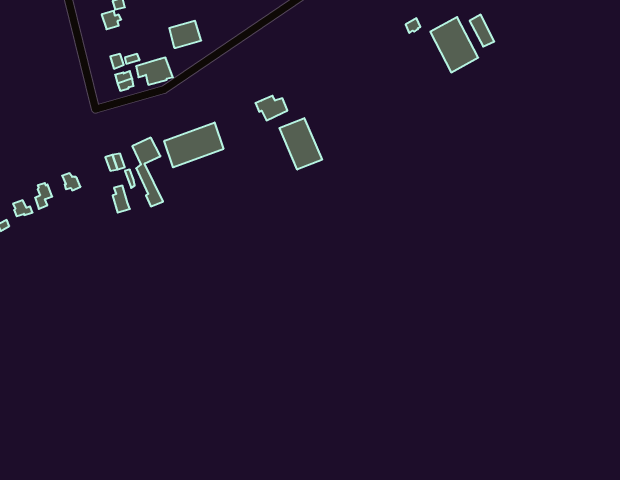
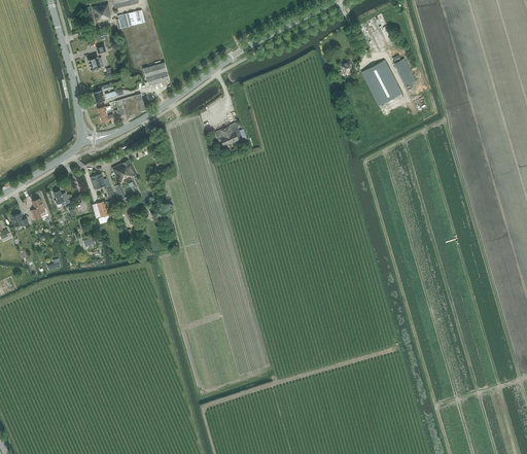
building: [279,118,322,170] -> none
building: [164,122,223,167] -> none

